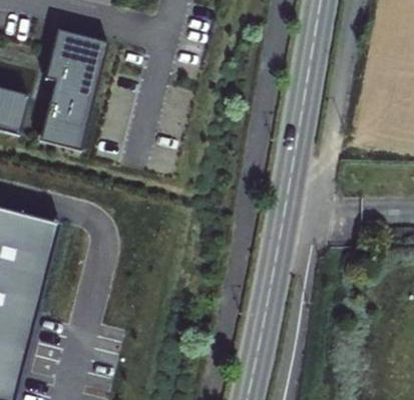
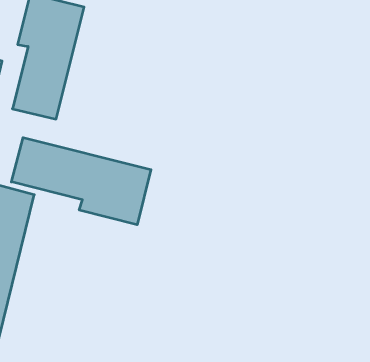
building: none -> [11,138,151,225]

